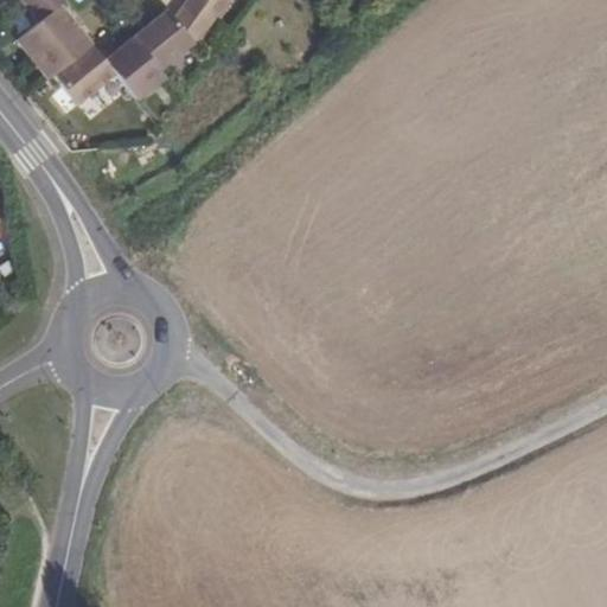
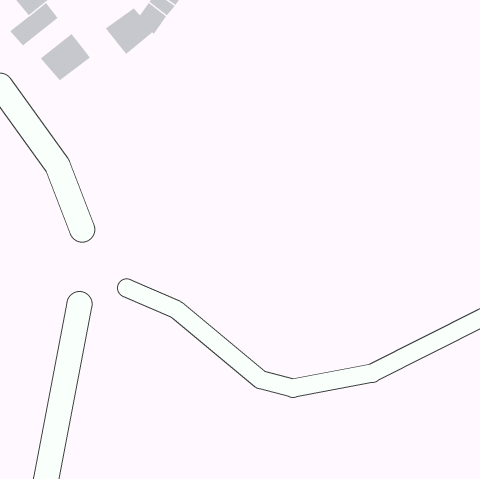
building: [32,23,94,78] -> none
building: [107,36,167,98] -> none

